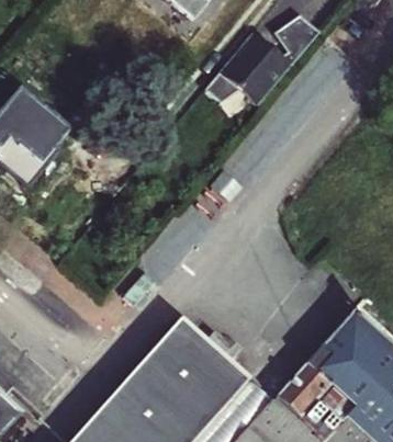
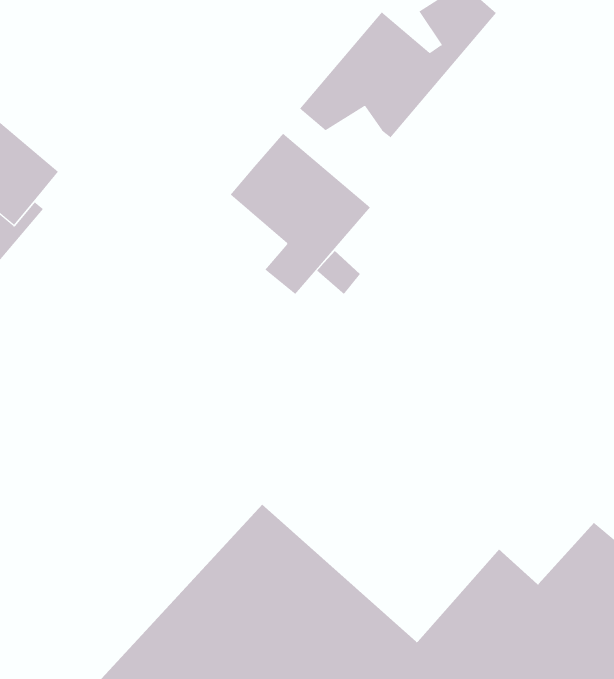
building: none -> [230,133,371,295]
building: [323,313,379,370] -> none

